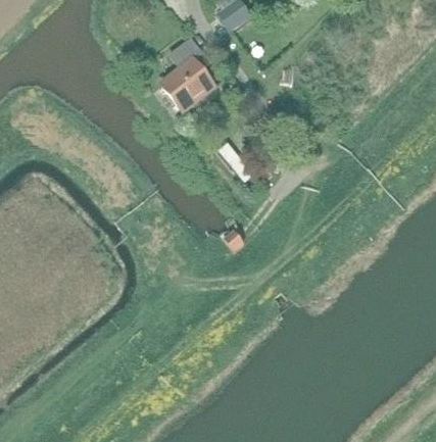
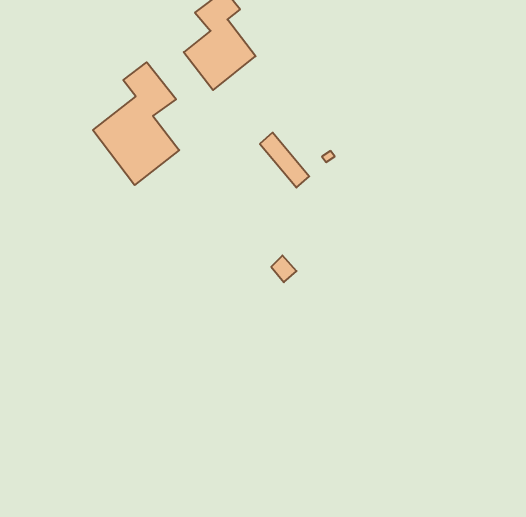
building: none -> [93,62,179,185]

